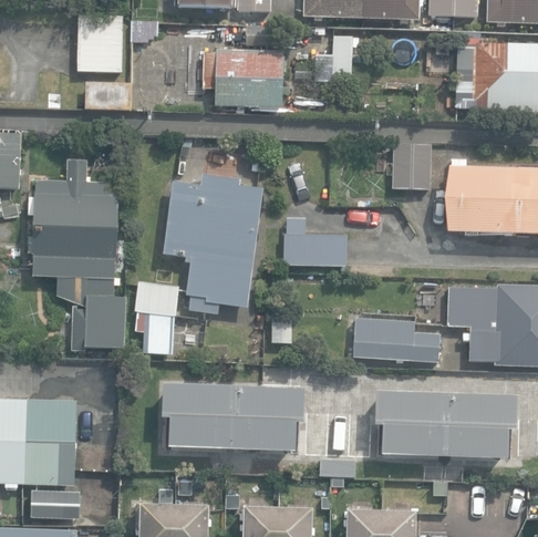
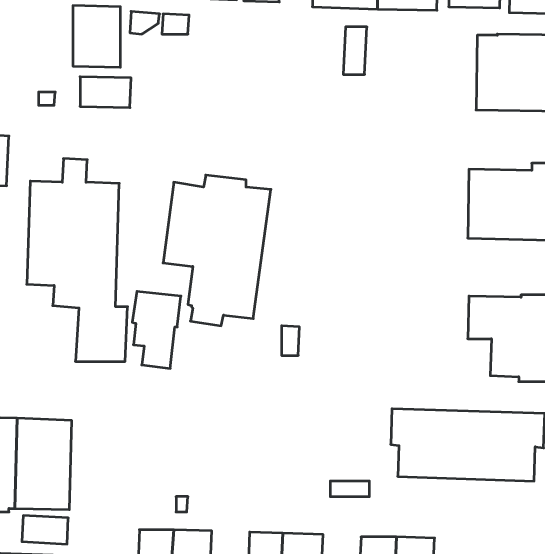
building: [203,49,280,107] -> none
building: [392,143,431,188] -> none
building: [282,218,346,264] -> none
building: [352,318,438,360] -> none
building: [161,381,303,450] -> none

